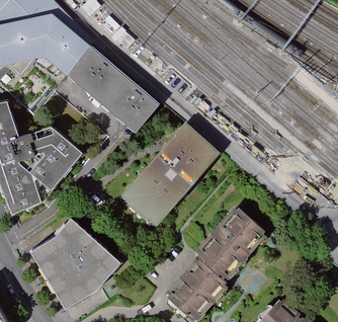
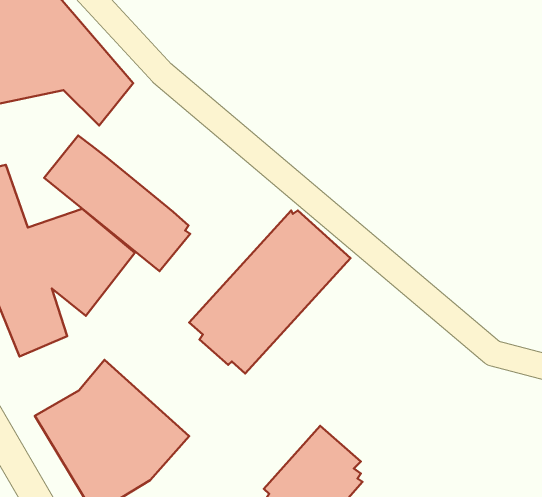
building: [68,51,155,132] -> [44,136,190,271]
building: [196,210,263,278] -> none

